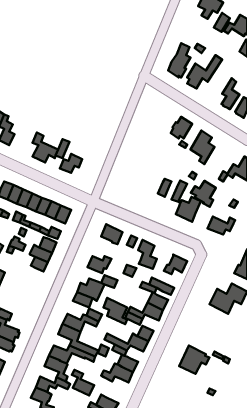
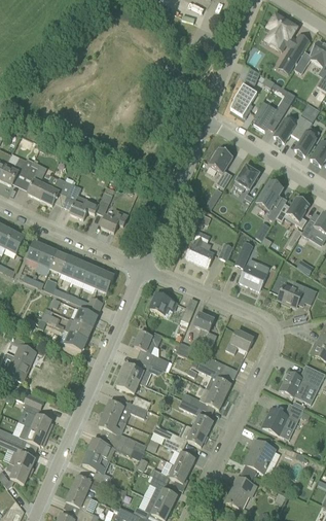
building: none -> [274,115,306,143]
building: none -> [209,148,232,188]
building: none -> [40,177,73,205]
building: none -> [186,231,213,267]
building: [191,181,216,207] -> [280,197,310,228]
building: [103,298,127,324] -> none
building: none -> [261,403,303,433]
building: [72,370,94,395] -> [150,477,177,508]
building: none -> [225,476,256,509]

